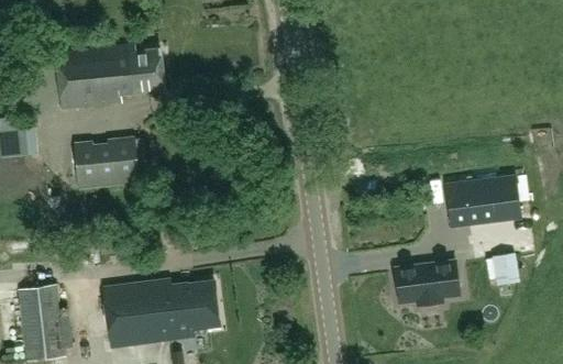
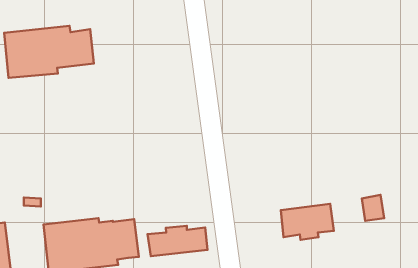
building: [74,135,139,187] -> none
building: [446,178,521,227] -> none
building: none -> [147,226,208,256]

